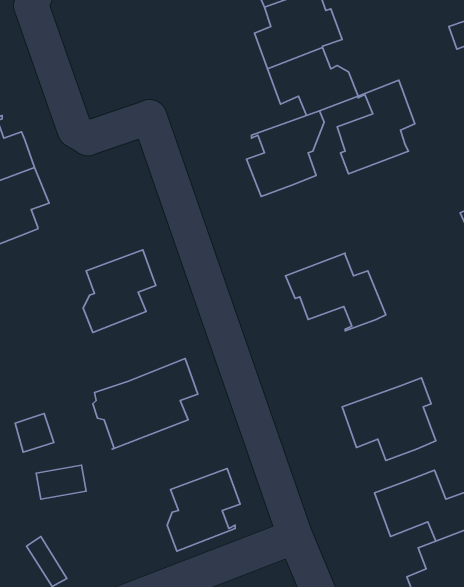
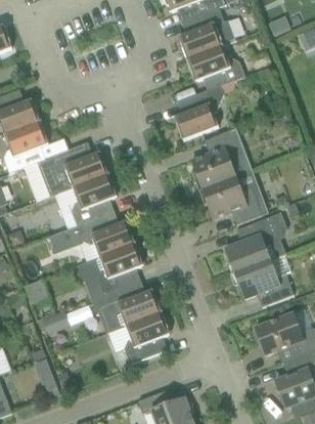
building: [337,80,415,174] -> [191,130,240,189]
building: none -> [37,141,108,197]
building: none -> [225,211,287,272]
building: none -> [48,212,135,256]
building: none -> [89,281,162,333]

